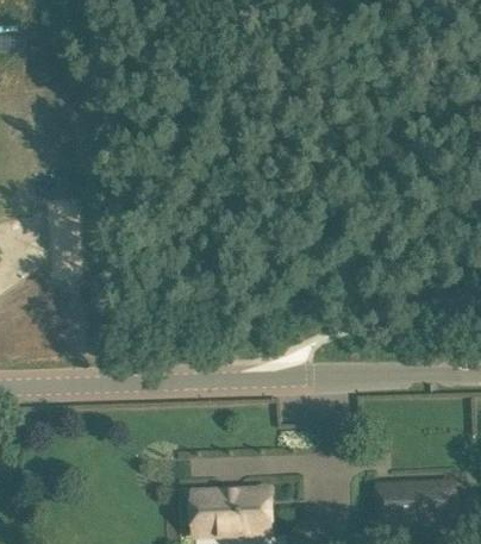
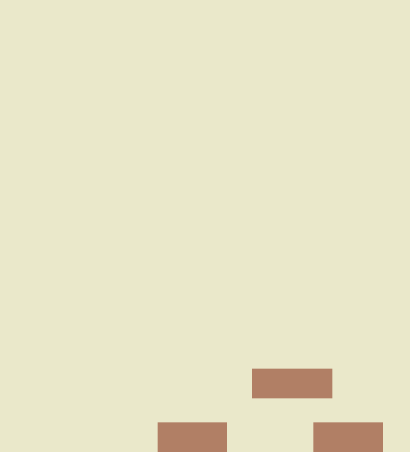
building: none -> [251,368,333,399]

